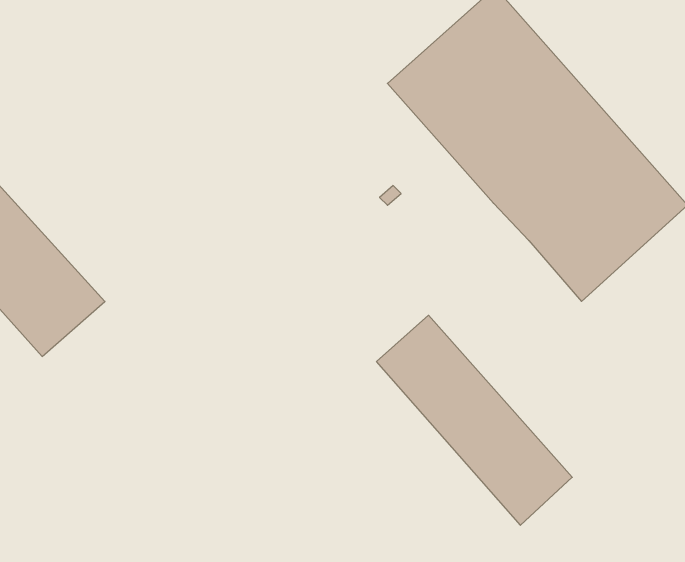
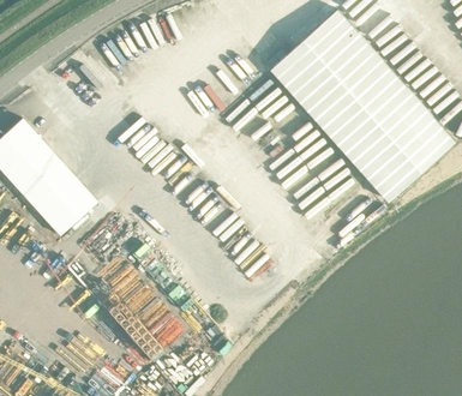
building: [377,315,572,525] -> none

